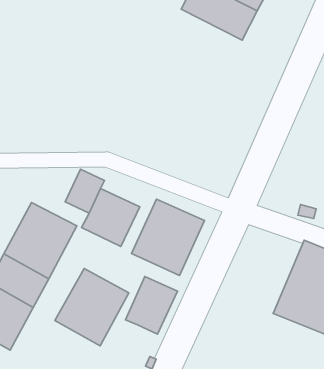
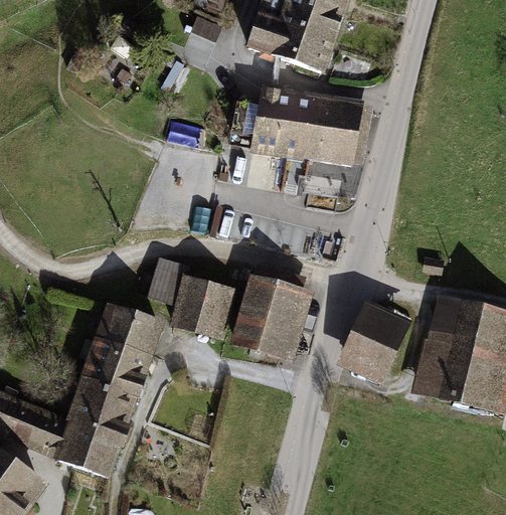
building: none -> [250,87,360,166]
building: none -> [340,303,412,384]
building: [55,269,129,346] -> none
building: [125,276,178,334] -> none

